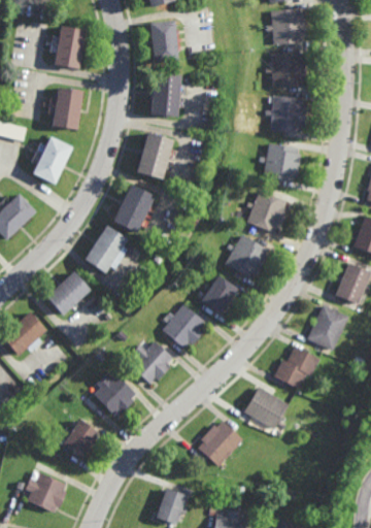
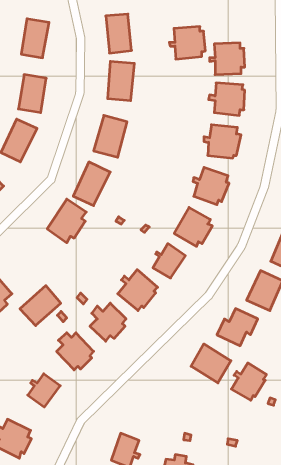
building: [265,9,305,45] -> [169,27,205,59]
building: [45,271,91,316] -> [20,286,61,326]
building: none -> [231,363,266,400]
building: [198,422,242,470] -> none

